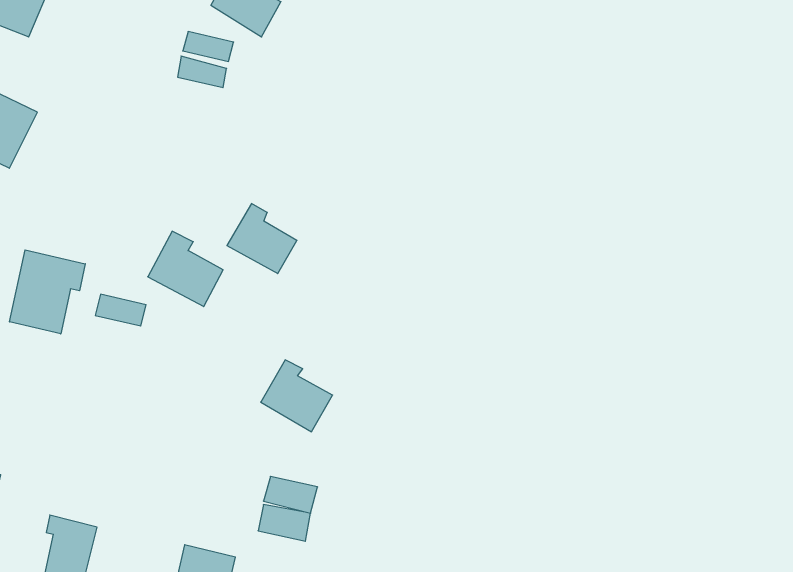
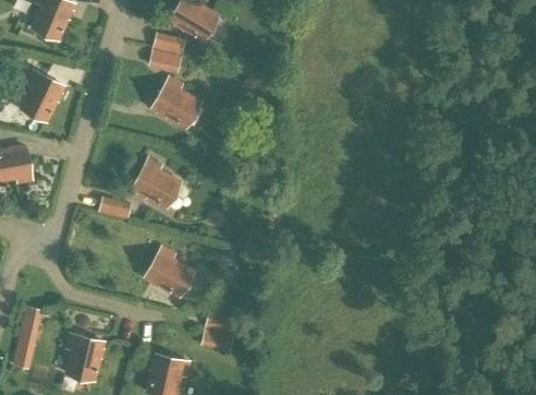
building: [227,204,297,274] -> [155,81,198,124]
building: [10,250,85,334] -> none
building: [261,360,333,432] -> [147,250,192,295]

